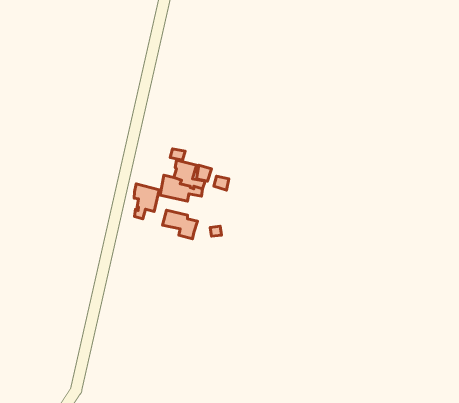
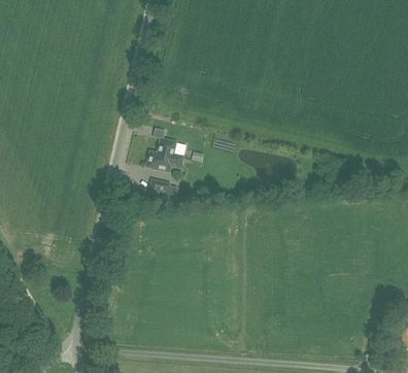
building: [134,184,159,219] -> none

